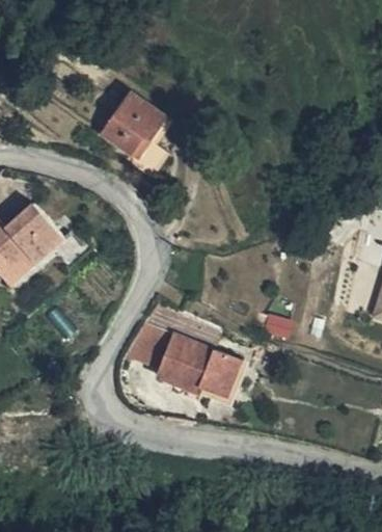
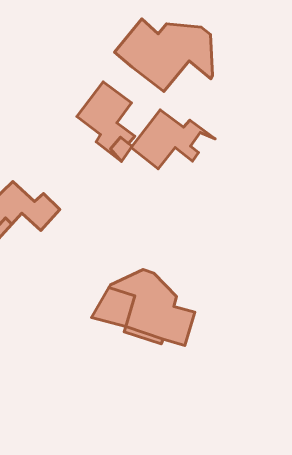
building: none -> [115,19,213,92]
building: none -> [131,110,215,169]

